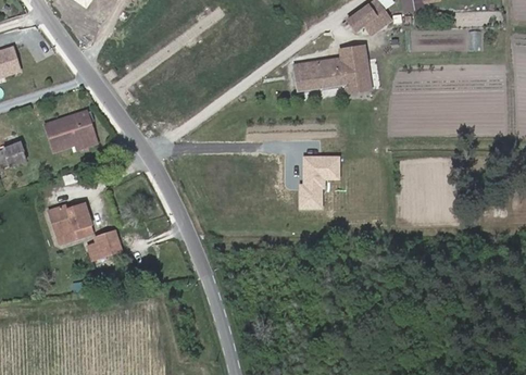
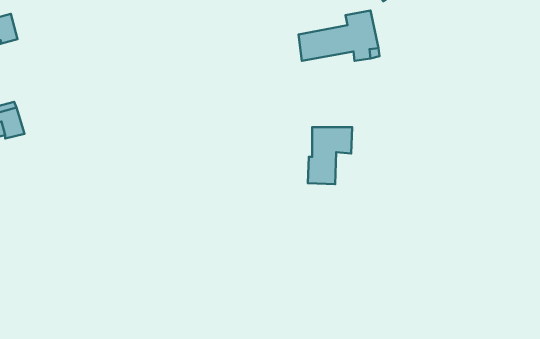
building: [46,115,96,151] -> none
building: [47,203,92,235] -> none
building: [86,232,117,258] -> none

